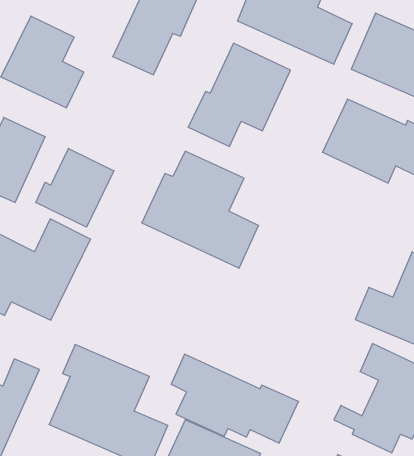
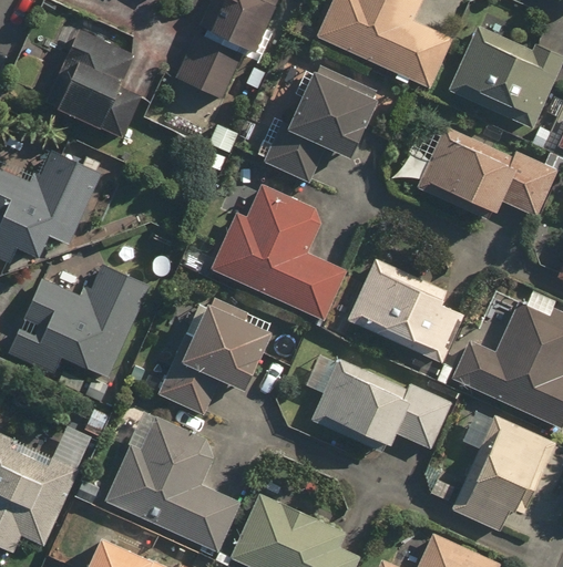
building: [36,148,114,227] -> none
building: none -> [346,257,463,364]
building: none -> [157,296,275,416]
building: [171,354,299,443] -> [306,350,452,452]

